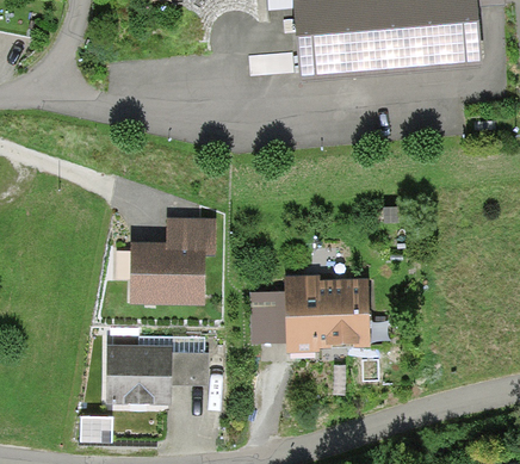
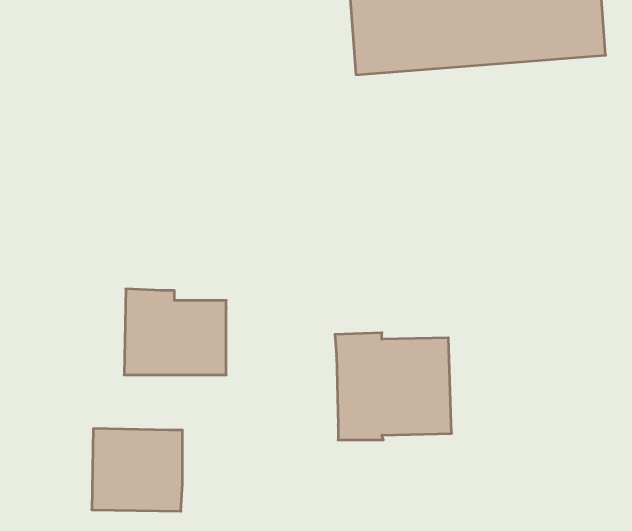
building: [166,216,216,255] -> none
building: [249,290,286,342] -> none
building: [172,351,209,385] -> none

